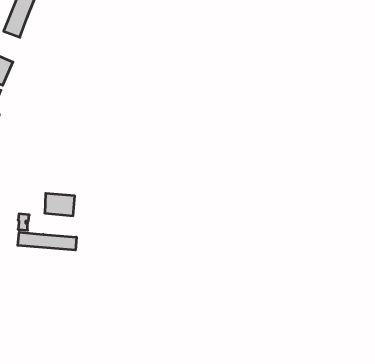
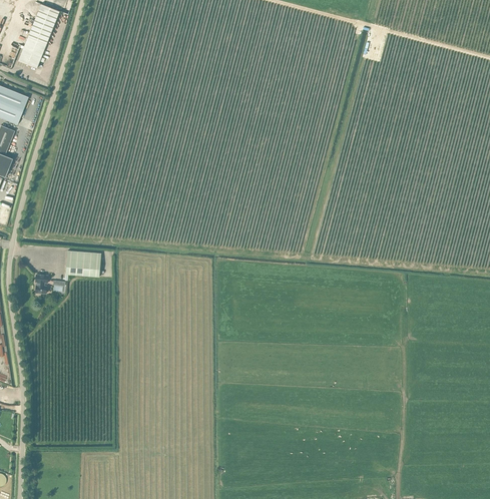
building: [18,232,76,250] -> none

